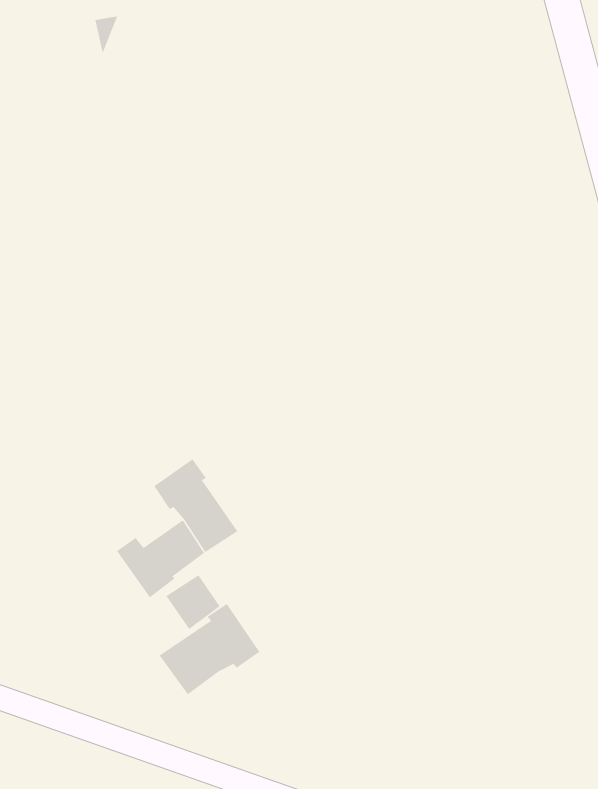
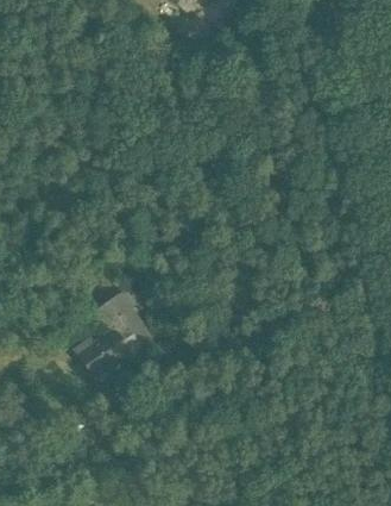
building: [159,603,260,695] -> none

